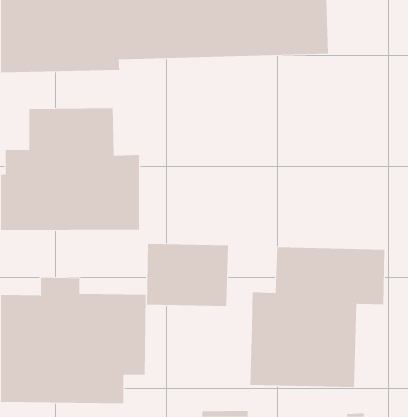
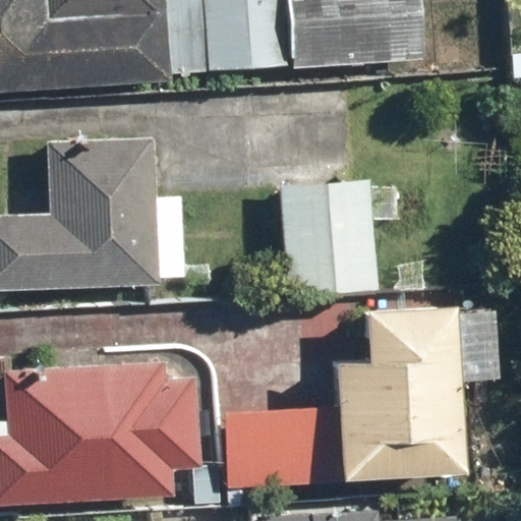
building: none -> [282,183,374,295]
building: [146,244,229,307] -> [222,405,325,483]

